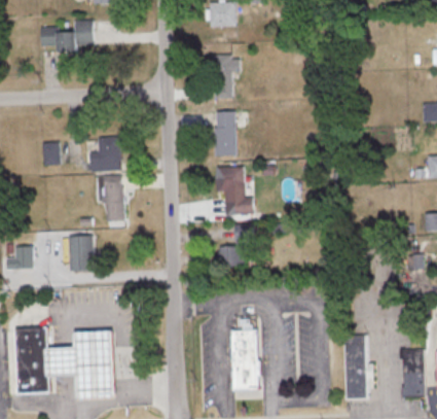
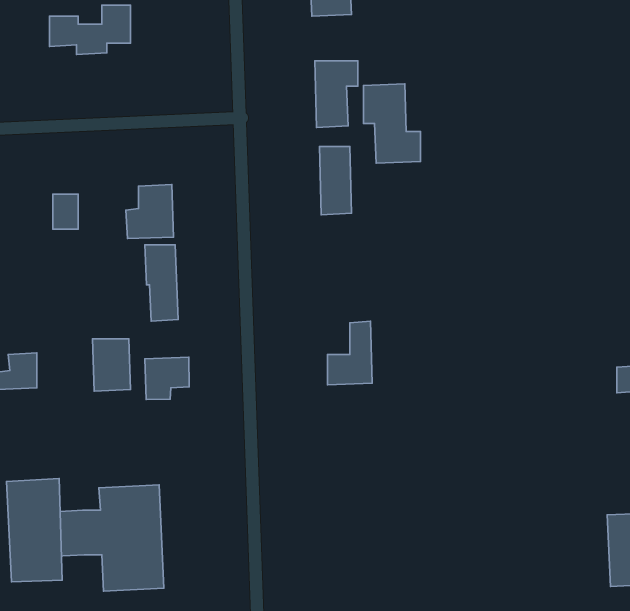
building: [217,166,254,217] -> [363,84,421,163]
building: none -> [145,357,189,399]
building: [231,328,260,390] -> none
building: [345,335,373,399] -> none

